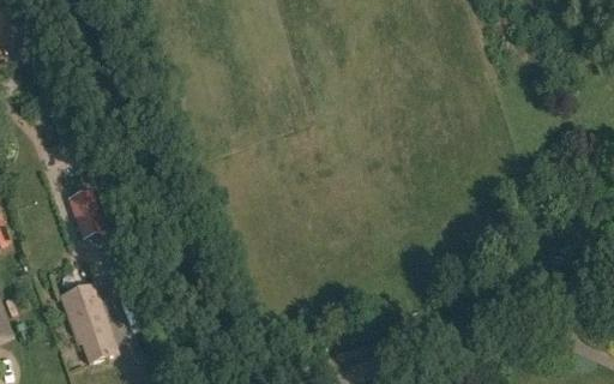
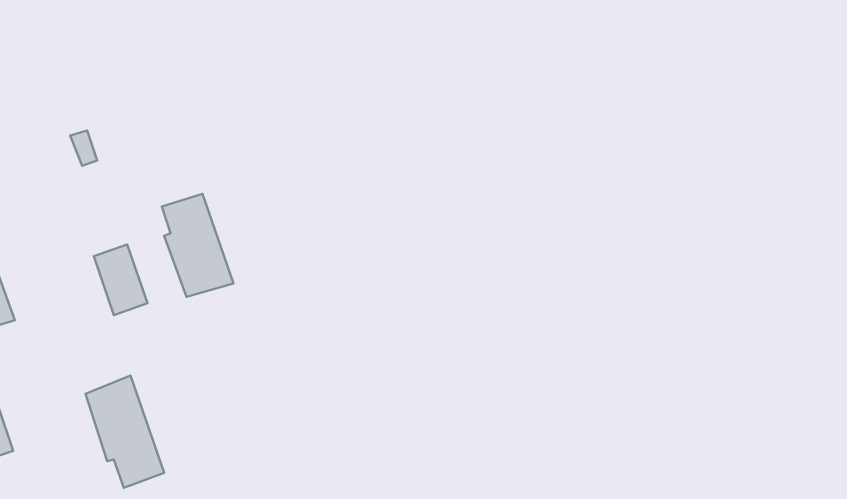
building: none -> [162,194,233,297]

